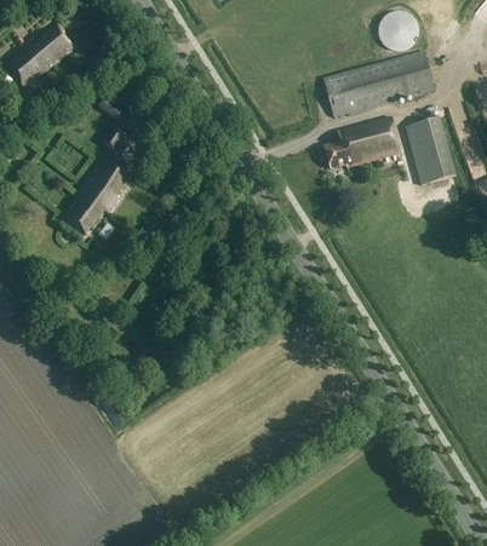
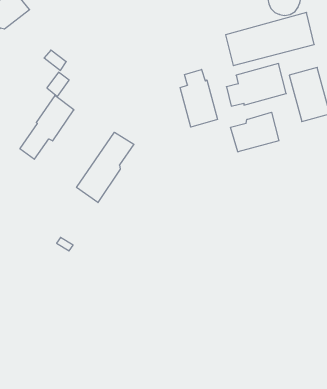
building: none -> [180,69,217,127]
building: none -> [231,112,279,152]
building: none -> [77,132,134,203]

